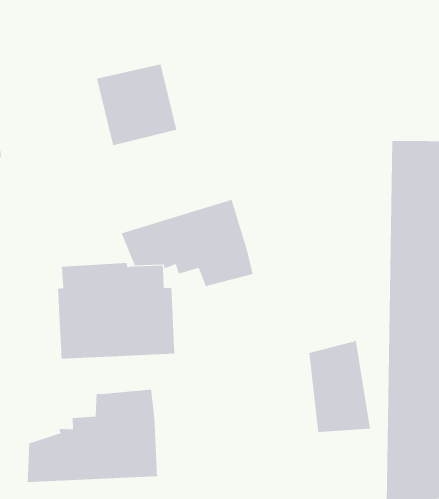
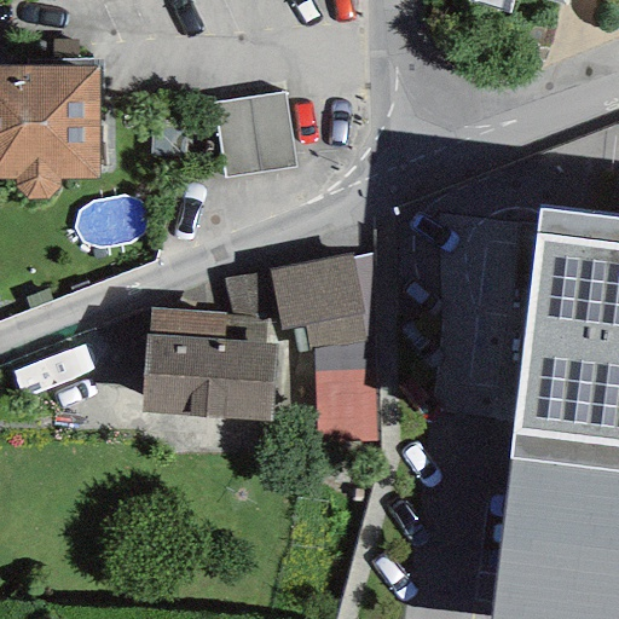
building: [309,340,371,433] -> [318,339,378,440]
building: [27,389,157,483] -> none

